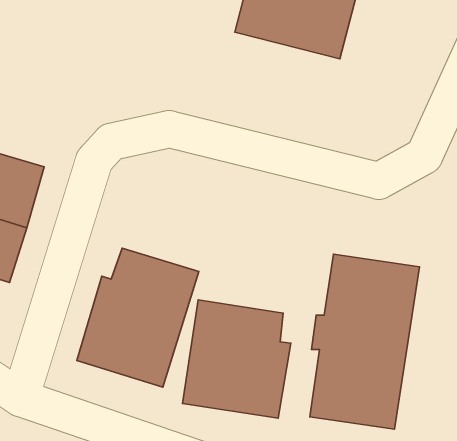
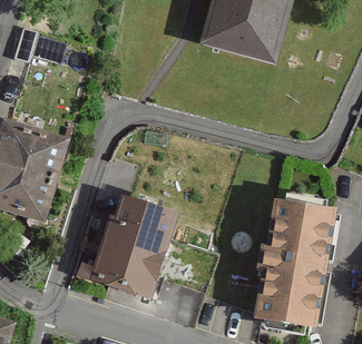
building: [183,300,291,418] -> none

